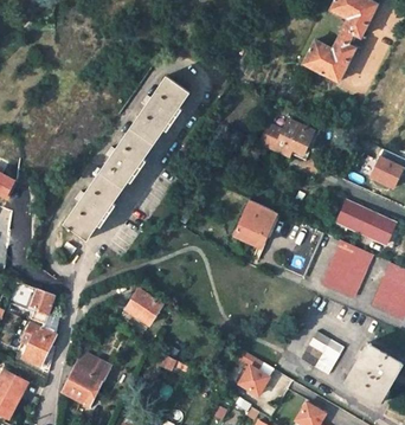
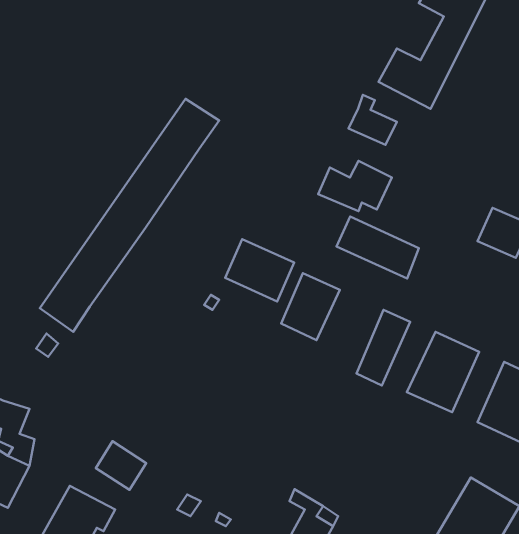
building: none -> [348,95,397,145]
building: none -> [225,239,294,301]
building: [336,201,394,245] -> [337,216,419,279]
building: [126,290,161,324] -> [96,441,146,490]
building: [301,333,342,374] -> none

